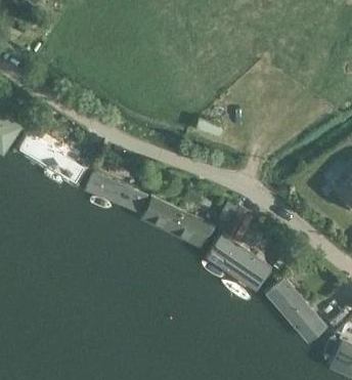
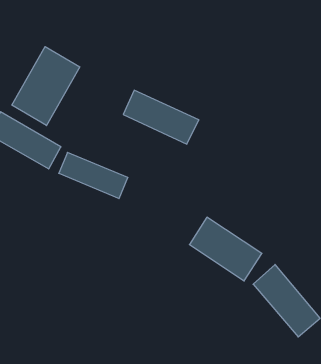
building: none -> [12,47,80,126]
building: [141,199,212,249] -> [123,90,199,144]

